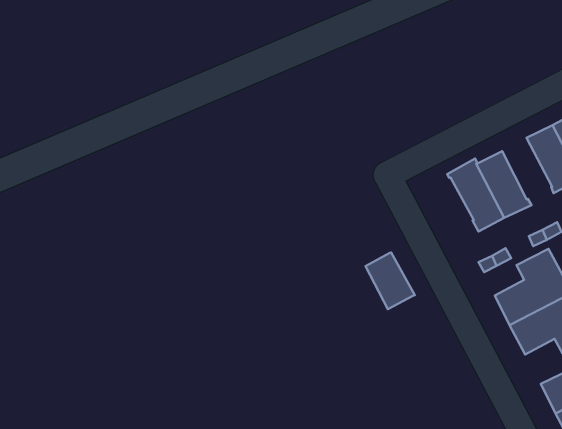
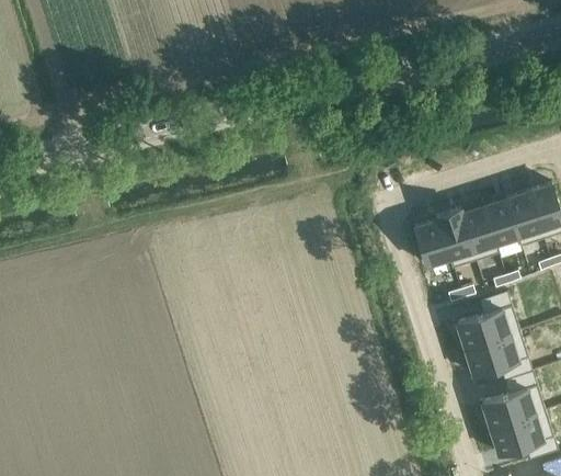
building: none -> [482,197,518,248]
building: [366,253,415,309] -> [413,219,449,265]

